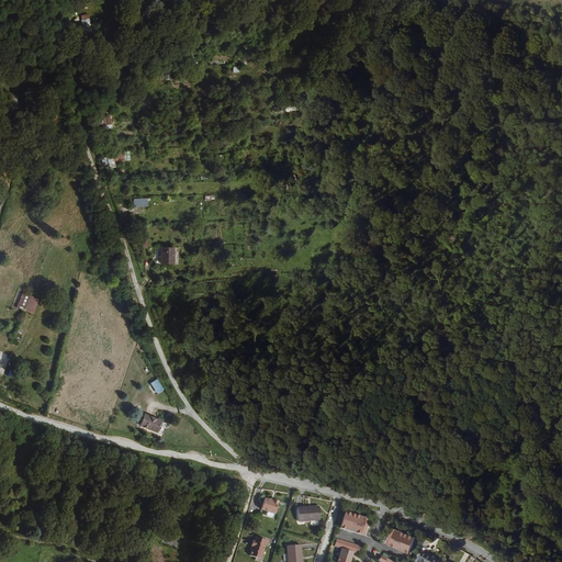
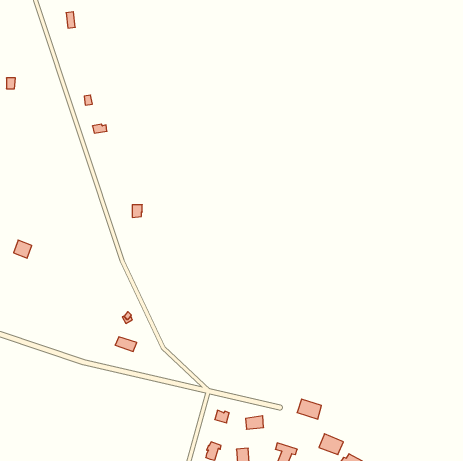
building: [339,512,369,536] -> [297,399,321,419]

